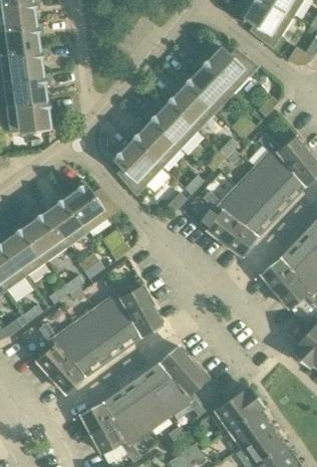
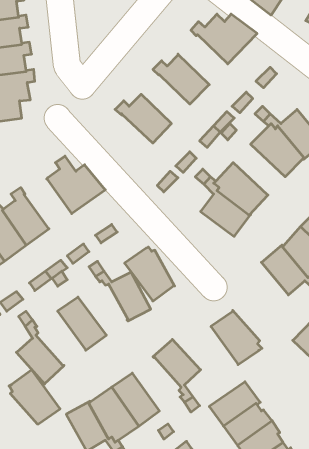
building: [180,66,232,112] -> none
building: [145,103,197,149] -> none
building: [110,140,163,195] -> none
building: [237,168,285,215] -> none
building: [43,193,87,246] -> none
building: [93,294,139,344] -> [125,247,175,301]
building: [53,322,100,373] -> [9,370,60,424]
building: [143,365,191,415] -> [211,310,262,365]

